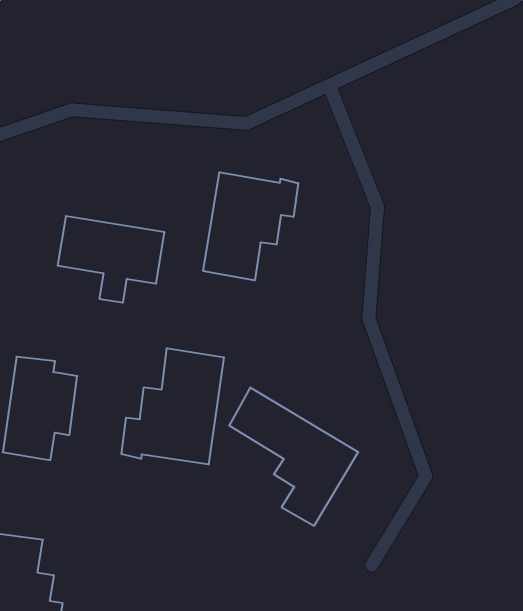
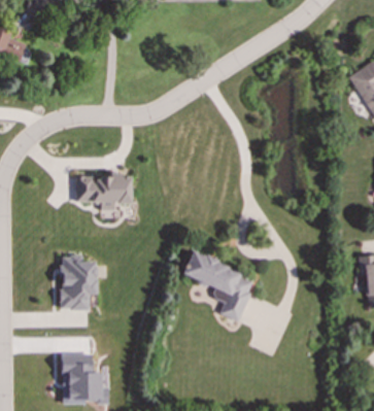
building: [203,172,298,280] -> none
building: [122,348,224,465] -> none

